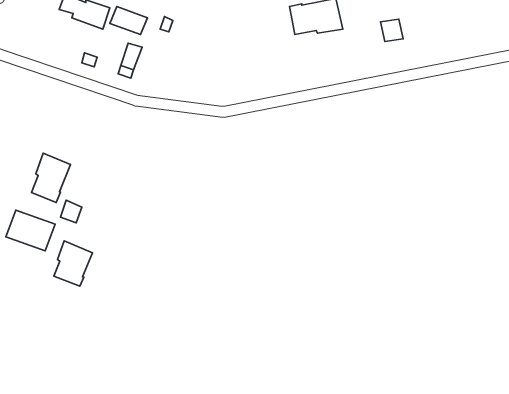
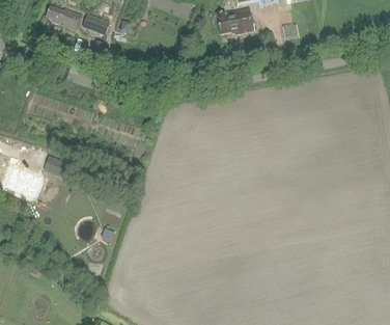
building: [31,153,71,202] -> none
building: [54,241,93,286] -> none

